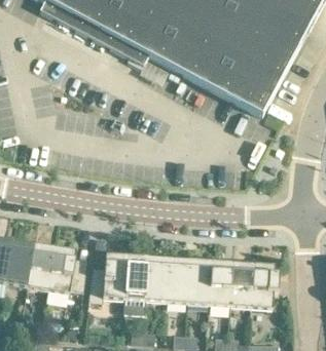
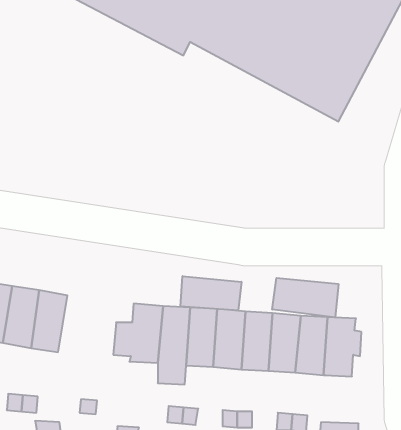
building: none -> [181,276,241,310]
building: none -> [272,278,338,317]
building: [47,247,85,294] -> none

